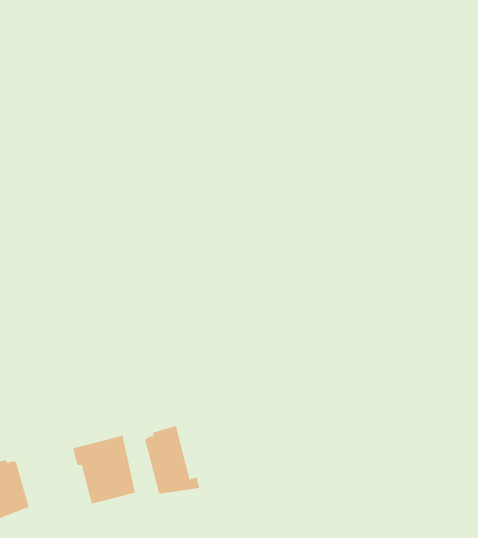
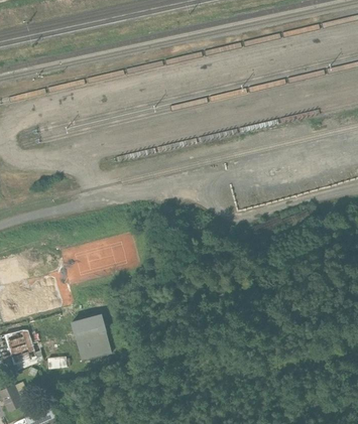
building: [144,425,200,495] -> none

